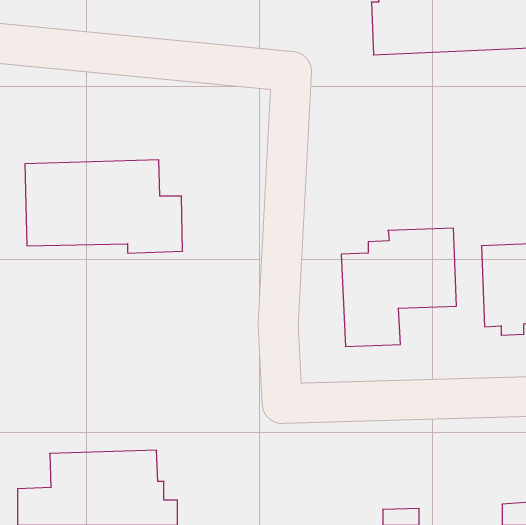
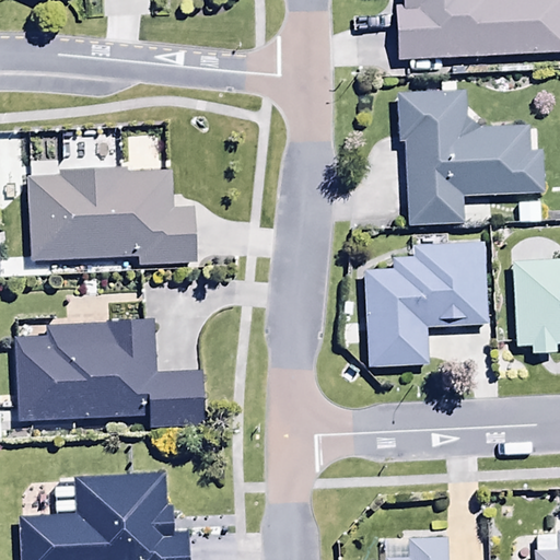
building: none -> [397,92,541,223]
building: none -> [12,318,206,429]

